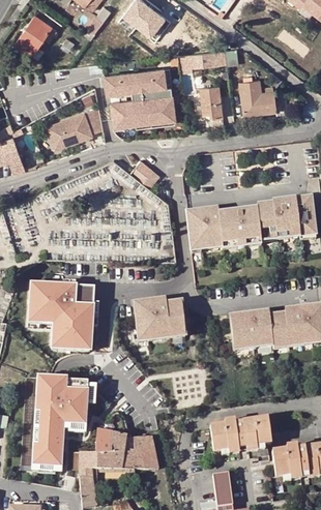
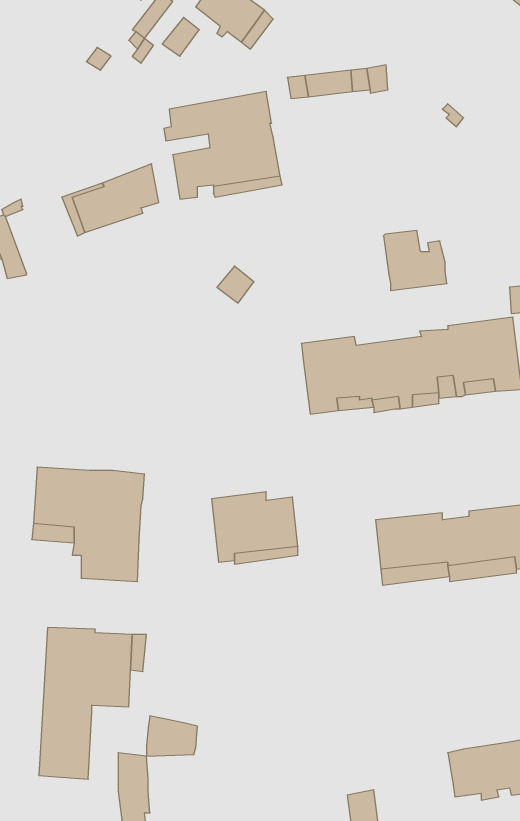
building: [16,14,57,55] -> none
building: [239,79,276,114] -> [383,231,447,291]
building: [200,84,223,117] -> none
building: [210,418,271,454] -> none
building: [95,436,157,469] -> none

